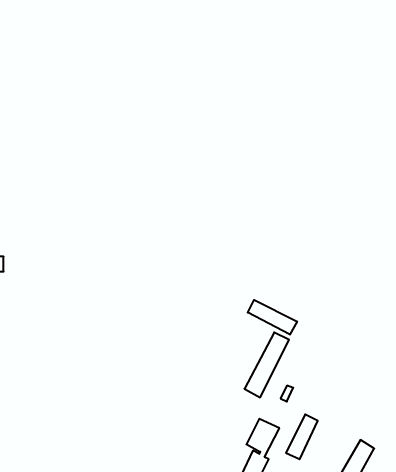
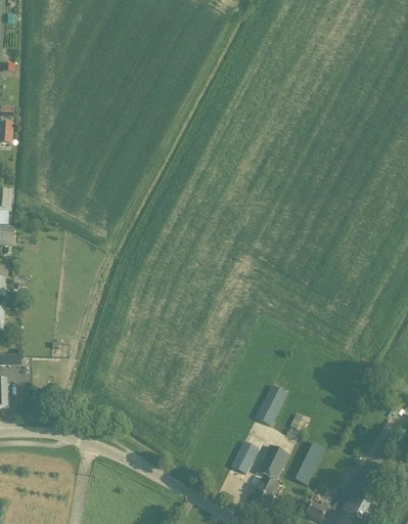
building: [248,300,297,335] -> none
building: none -> [230,441,258,473]

